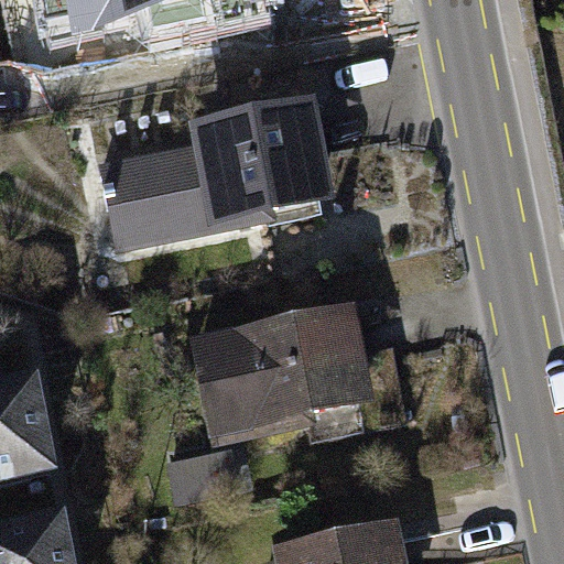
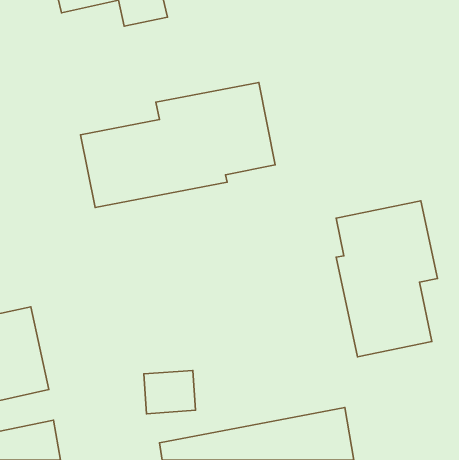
building: none -> [336,201,437,357]
building: [189,305,377,448] -> none

